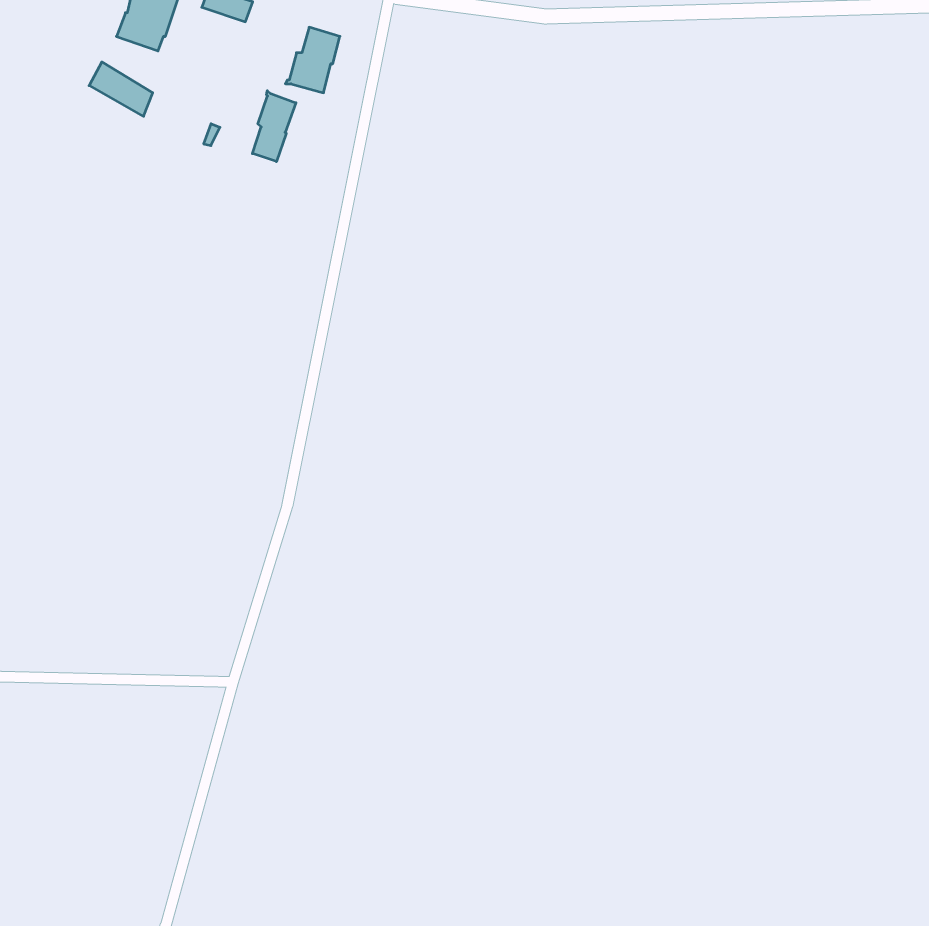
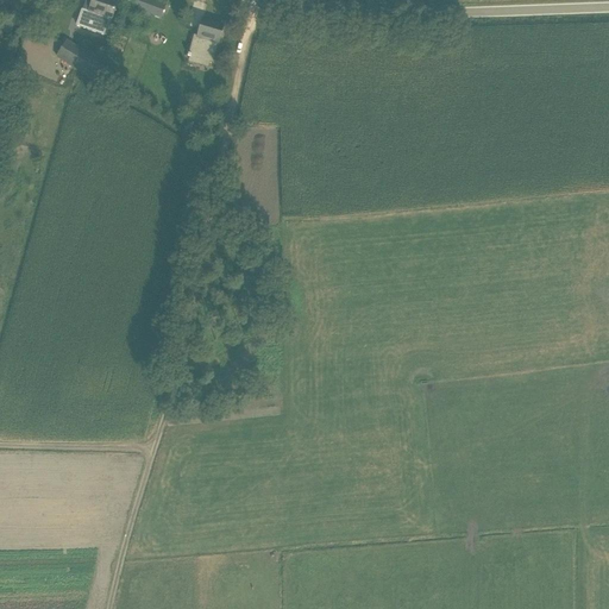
building: [252,91,296,162] -> none

